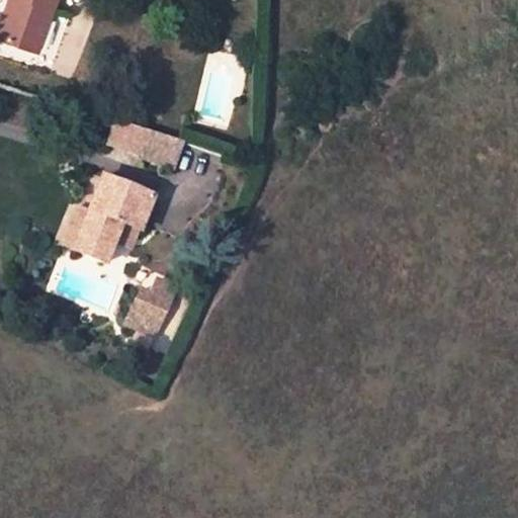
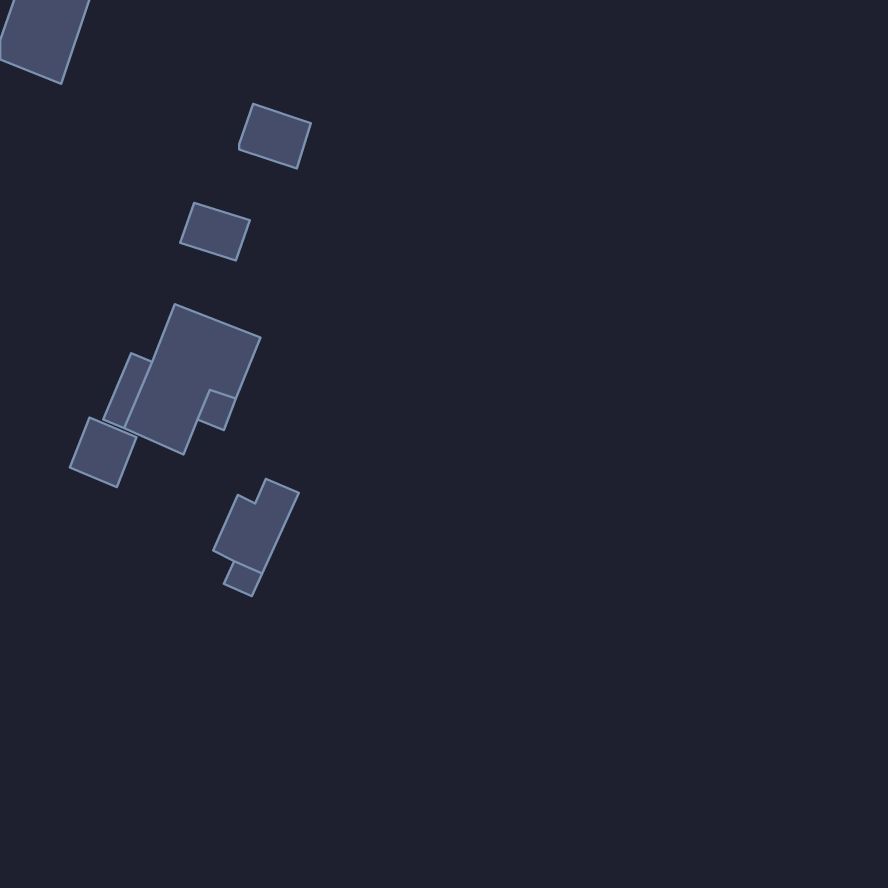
building: [140,127,181,165] -> [239,104,311,169]
building: none -> [70,418,136,487]

